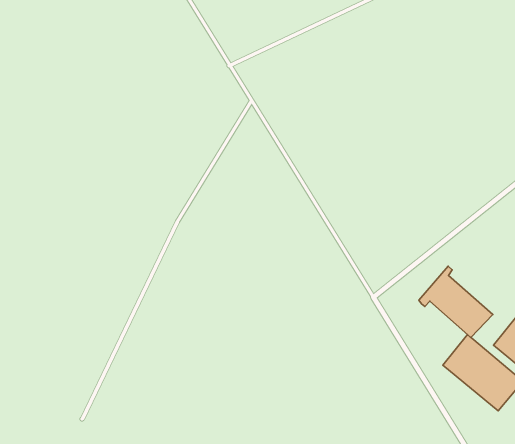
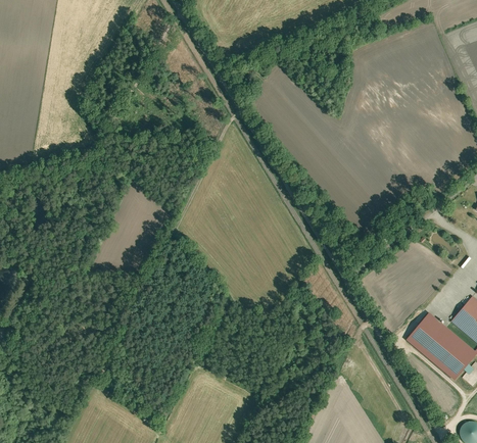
building: [419,266,493,337] -> none

